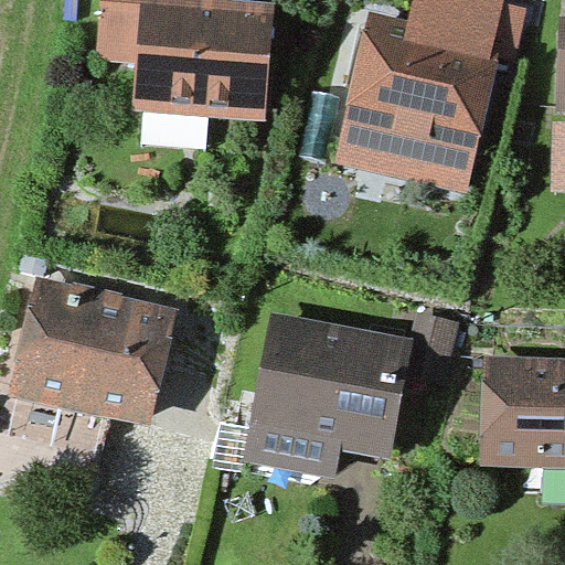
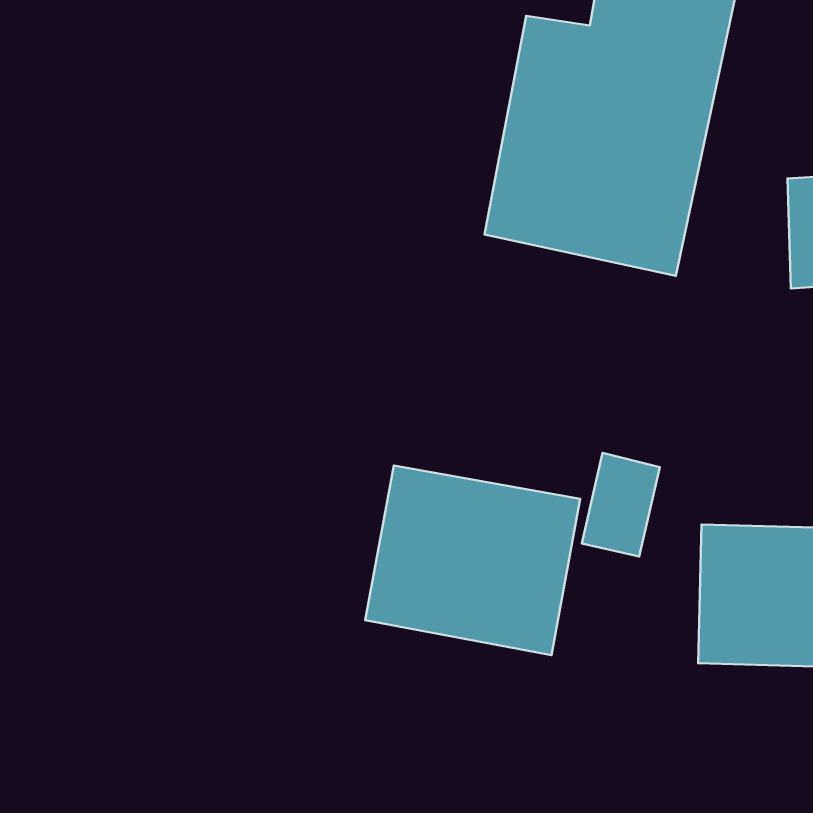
building: [98,4,264,113] -> none
building: [10,282,169,424] -> none

